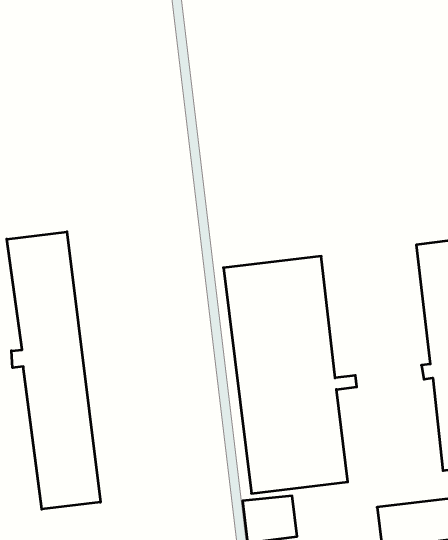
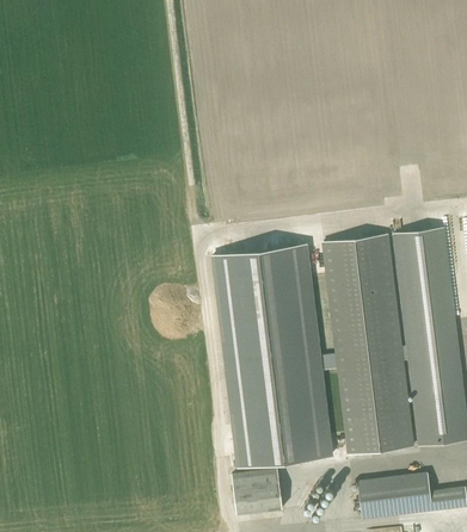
building: [7,232,100,509] -> none
building: none -> [325,234,412,454]

